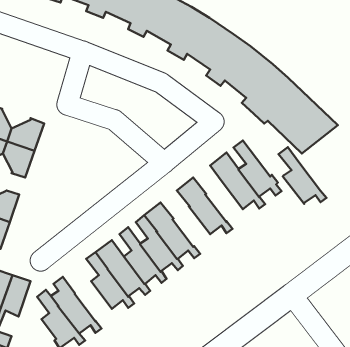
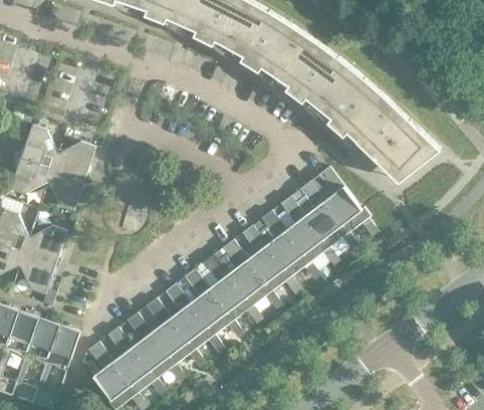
building: [278,147,326,204] -> [278,196,334,262]
building: none -> [240,225,296,291]
building: none -> [125,313,181,379]

